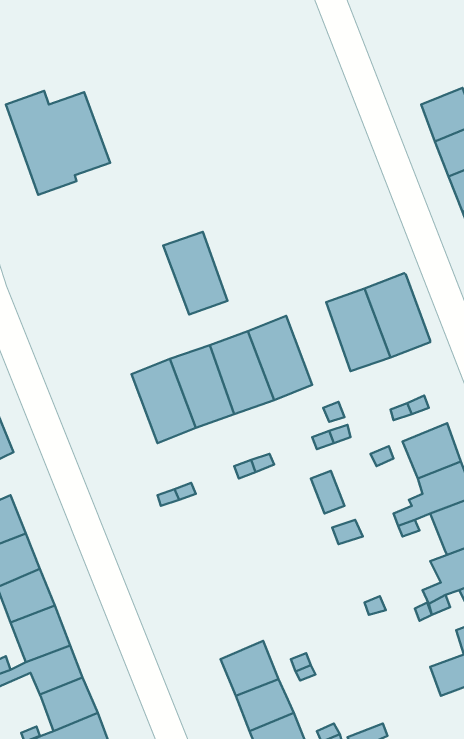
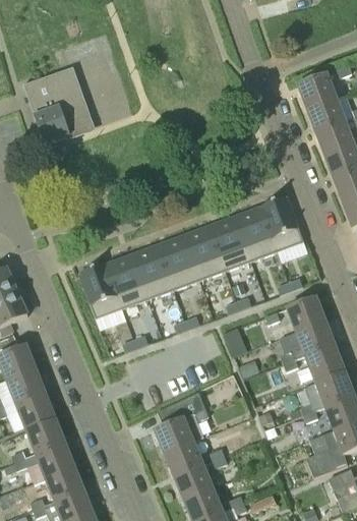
building: [163,232,227,314] -> [209,215,251,270]
building: none -> [79,263,123,317]
building: none -> [155,392,210,452]

